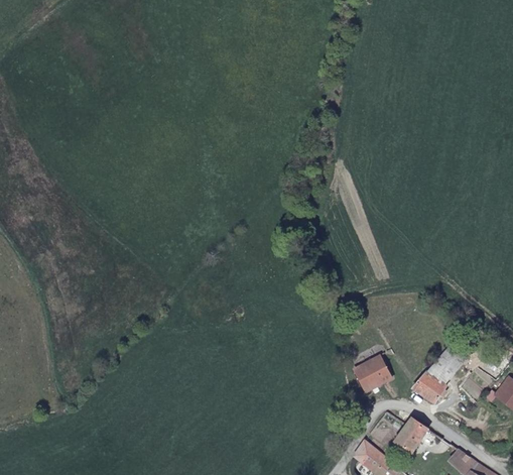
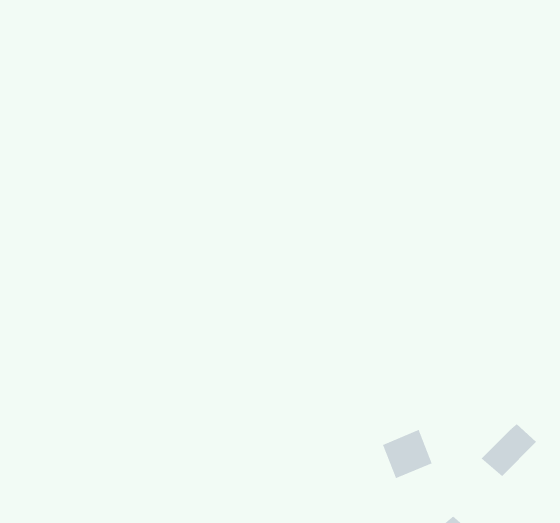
building: [409,373,446,405] -> none

